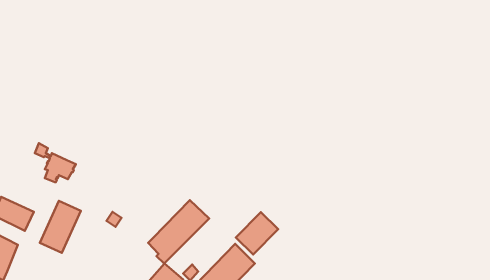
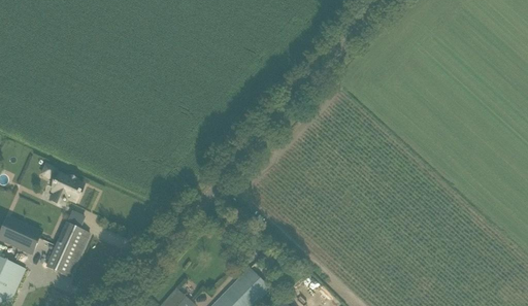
building: [148,200,209,264] -> none
building: [236,212,278,255] -> none

